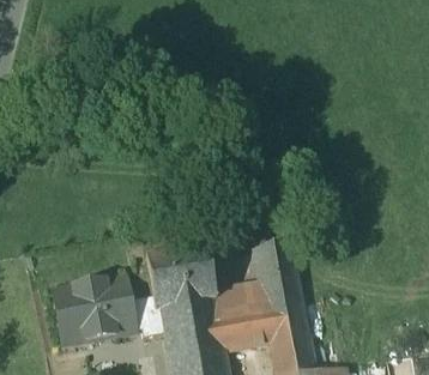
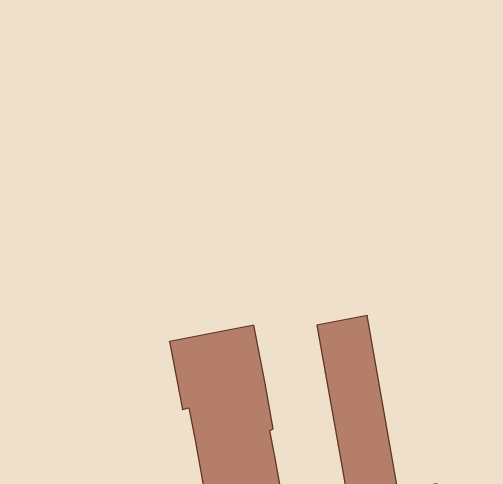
building: [55,278,165,343] -> none
building: [217,282,271,344] -> none

